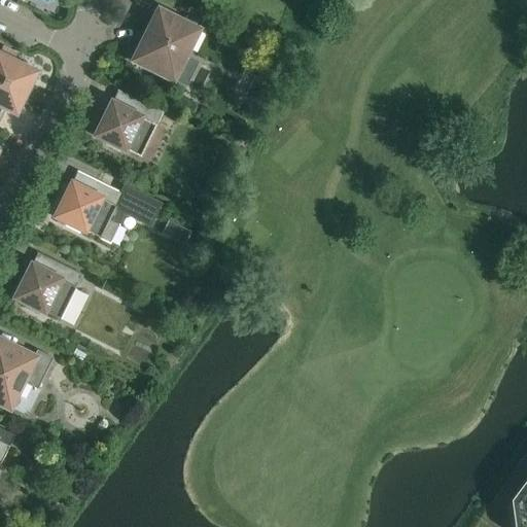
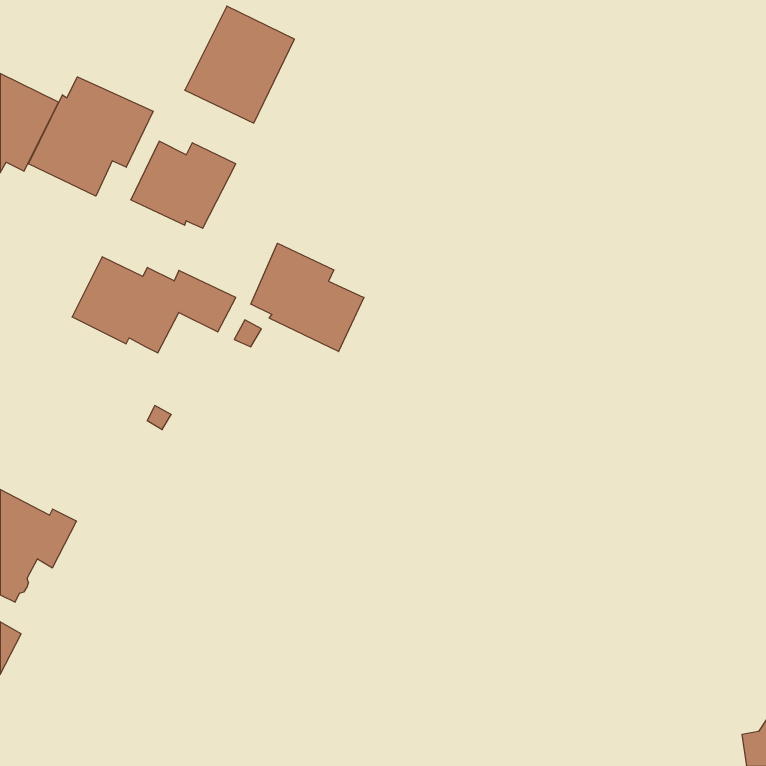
building: none -> [28,77,153,196]
building: none -> [251,243,364,352]
building: [10,260,82,319] -> none

